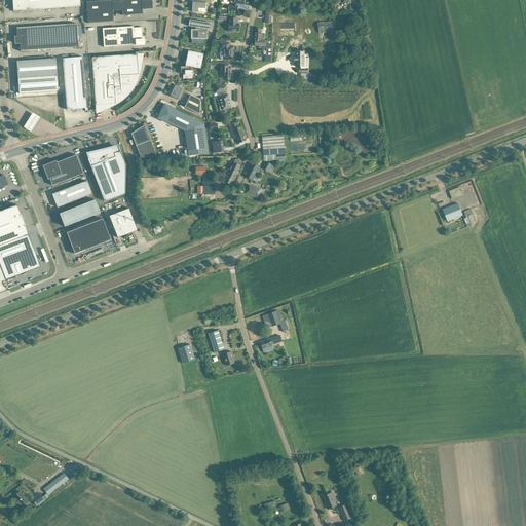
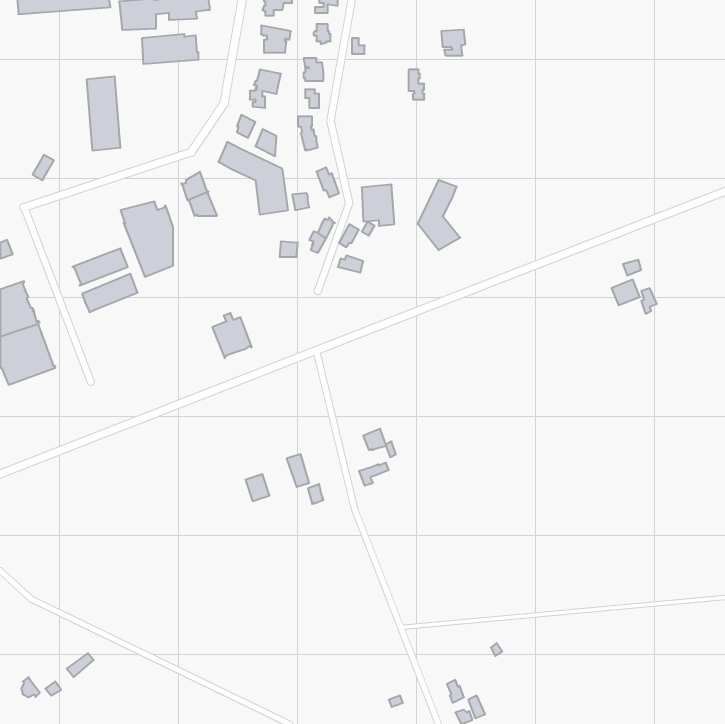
building: [14,23,78,50] -> none
building: [91,53,139,104] -> none
building: [16,58,59,92] -> none
building: none -> [418,180,460,250]
building: [43,154,83,185] -> none
building: [109,204,138,237] -> [212,313,252,358]
building: [67,218,111,253] -> none

